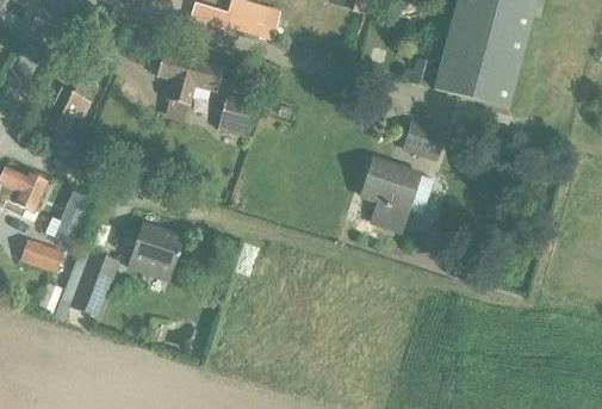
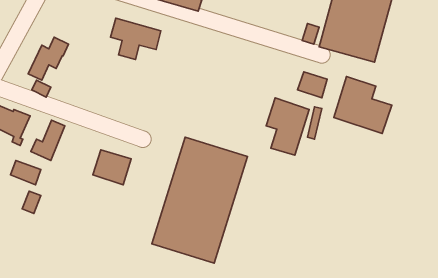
building: [216,94,255,137] -> none
building: none -> [334,77,392,134]
building: none -> [152,137,247,263]
building: [75,254,116,316] -> none

